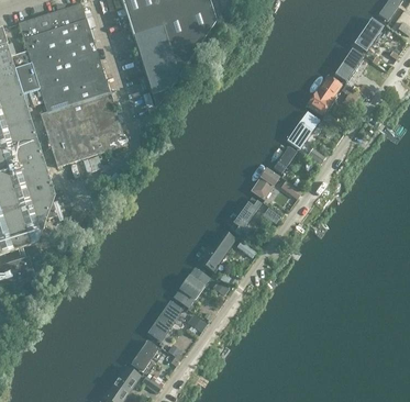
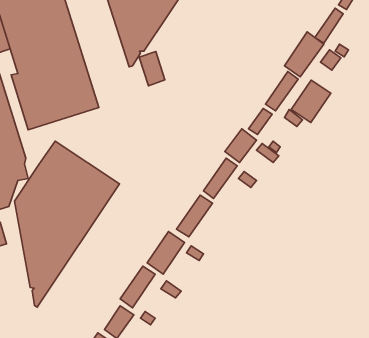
building: none -> [139,51,165,86]
building: none -> [291,80,331,122]
building: none -> [15,141,119,307]

